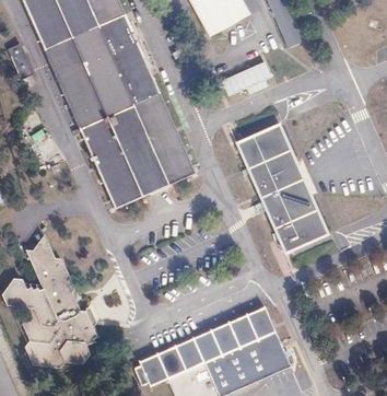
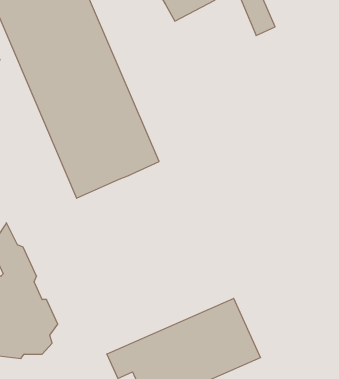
building: [221,60,272,95] -> none
building: [236,123,325,251] -> none

